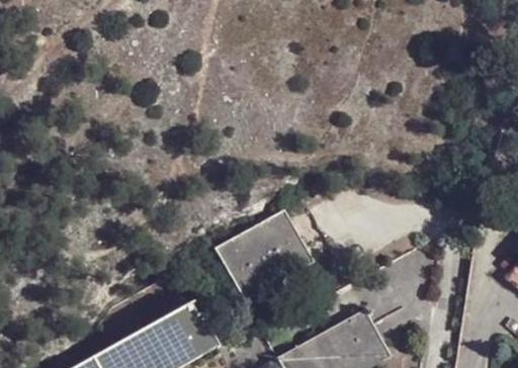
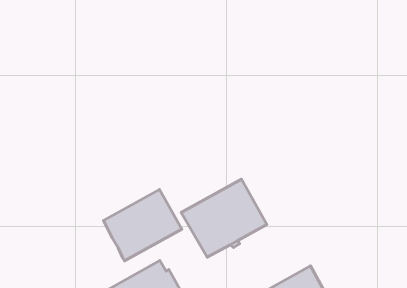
building: none -> [104,190,182,261]

